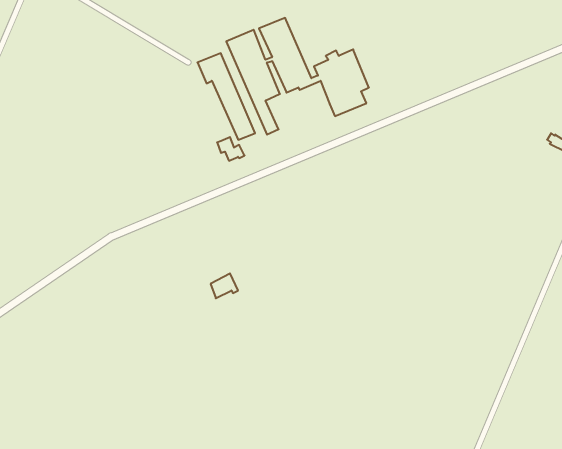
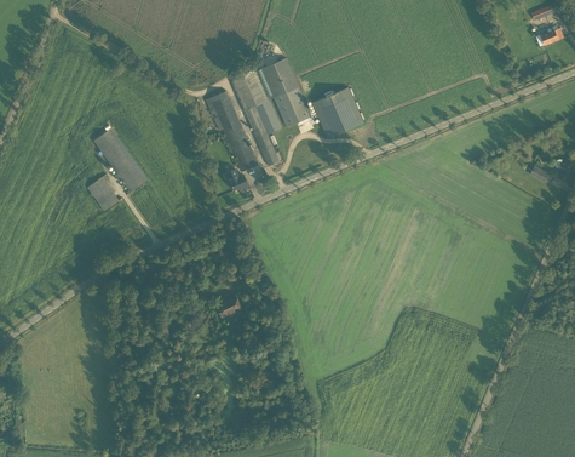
building: none -> [92,128,145,190]
building: none -> [86,176,117,210]

